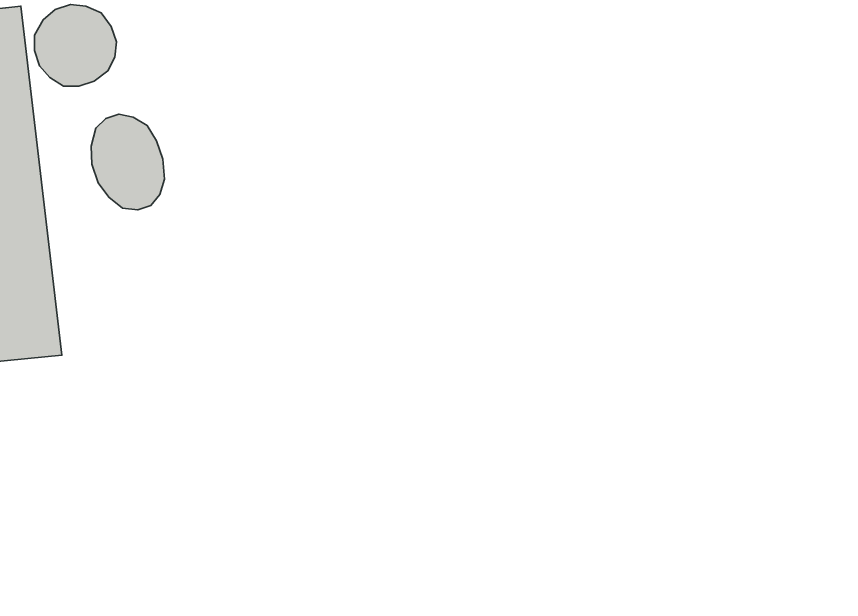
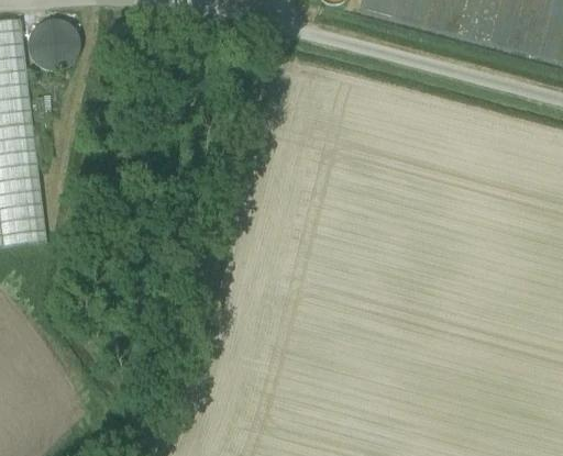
building: [91,114,165,210] -> none

